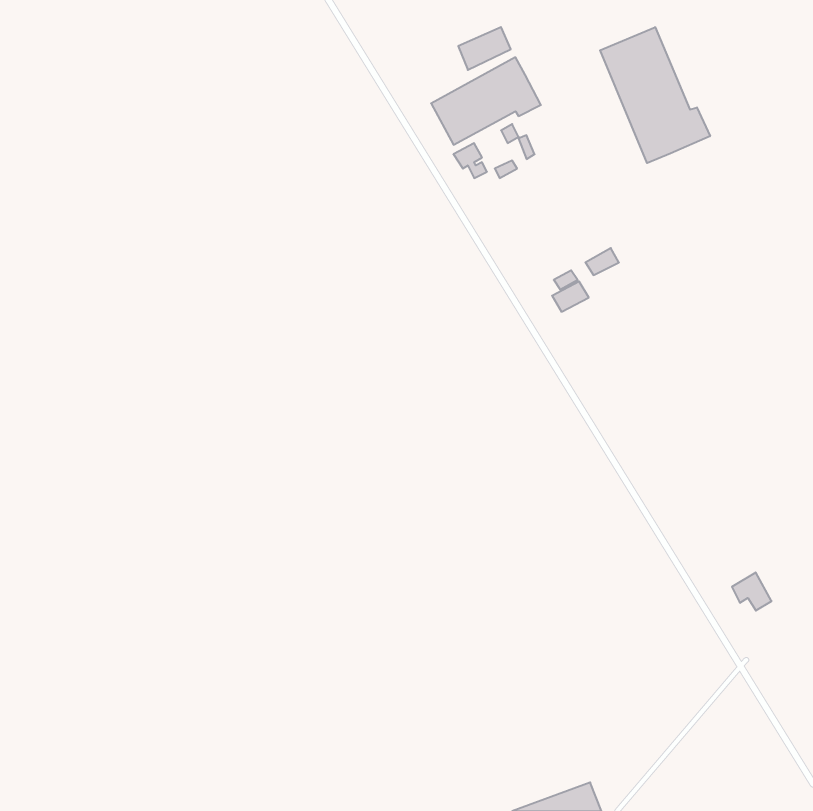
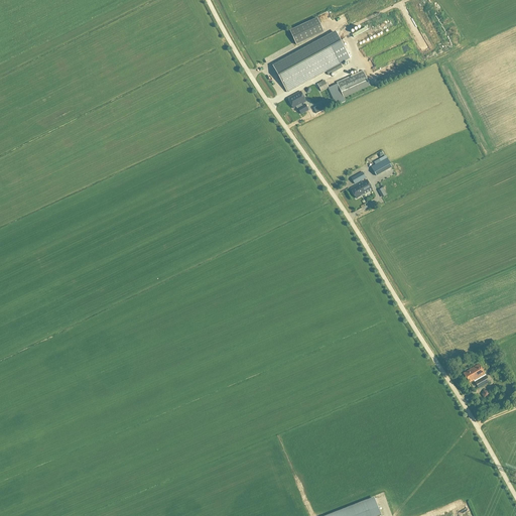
building: [600,27,710,163] -> none
building: none -> [337,70,370,97]

